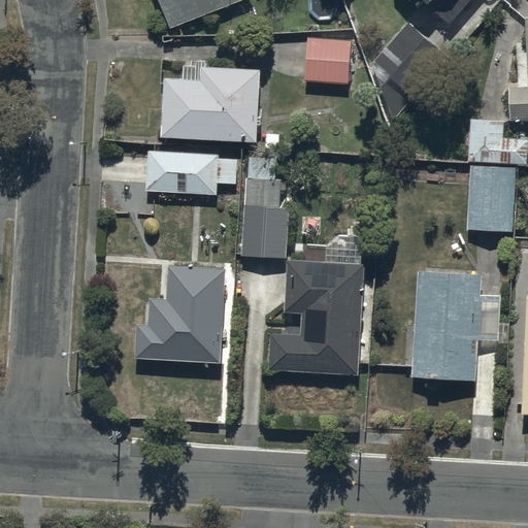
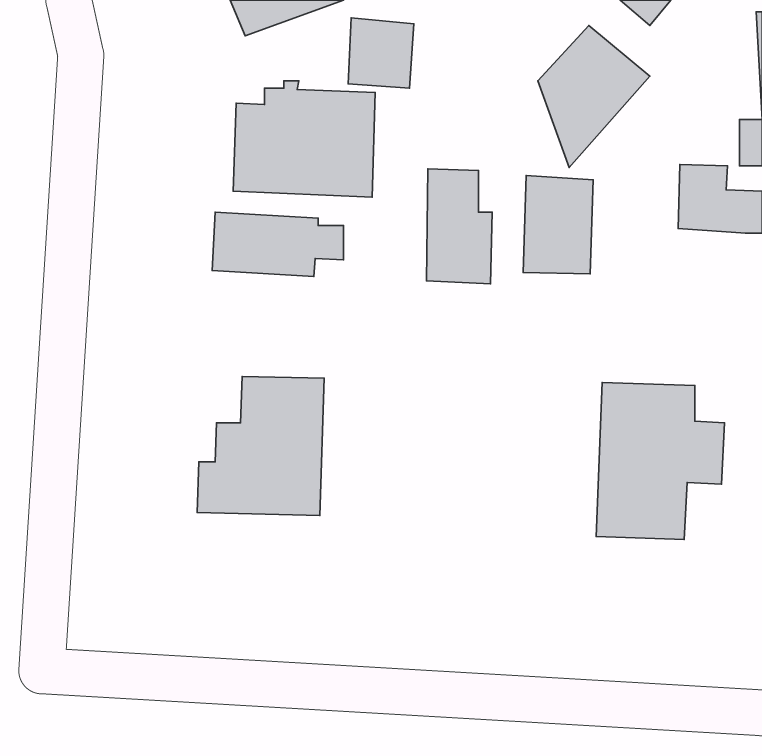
building: [304,36,350,85] -> [348,18,414,88]
building: [466,163,515,231] -> [523,175,593,274]
building: [243,177,289,257] -> [426,169,492,284]
building: [270,261,363,372] -> none

